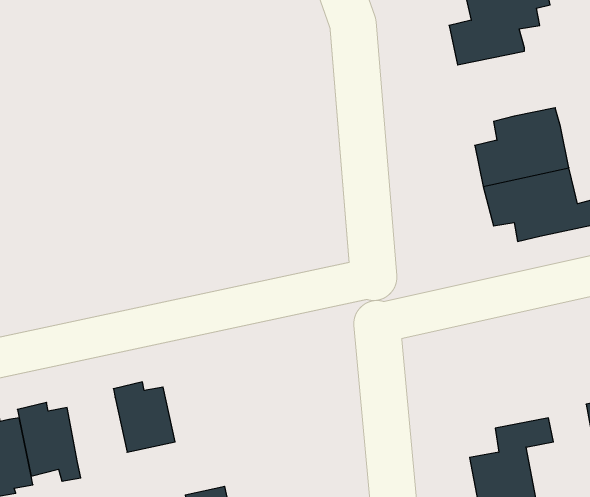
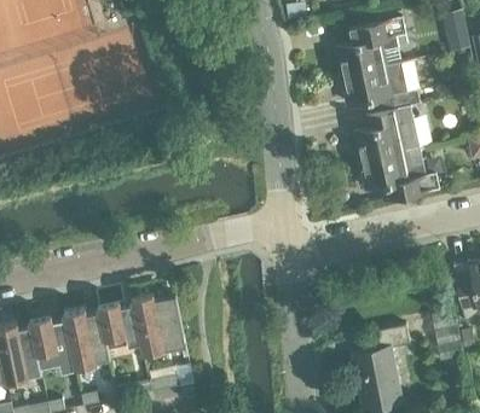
building: none -> [341,63,420,114]
building: none -> [132,293,186,355]
building: none -> [64,308,109,370]

